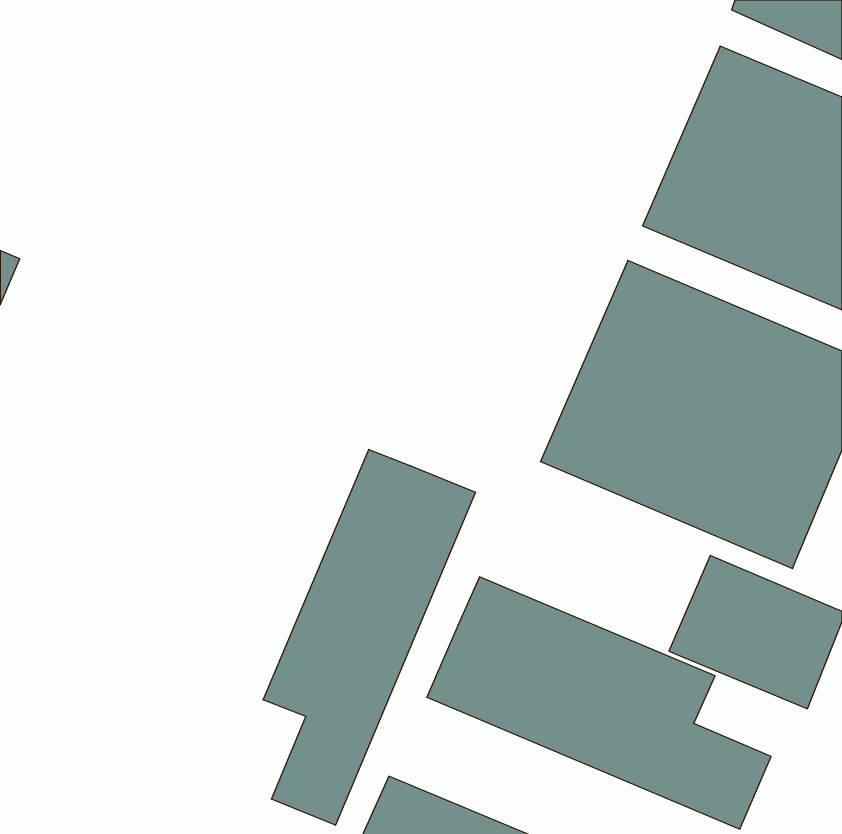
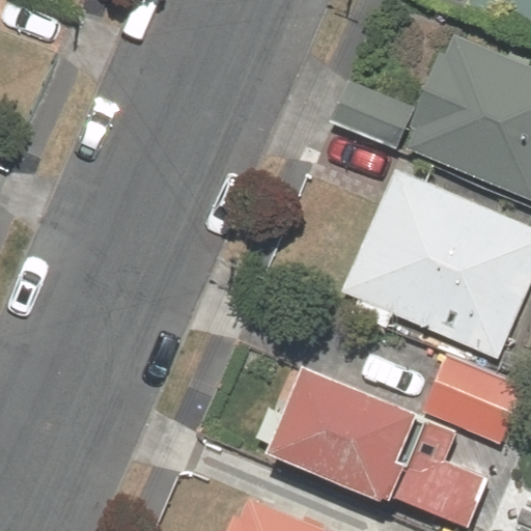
building: [263,449,476,825] -> none

